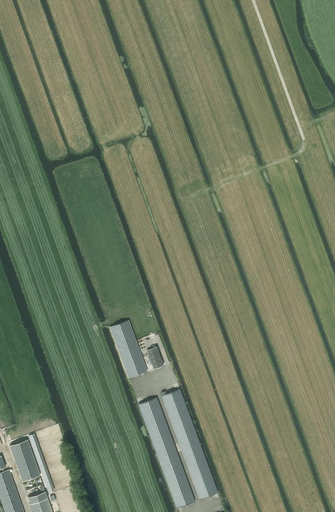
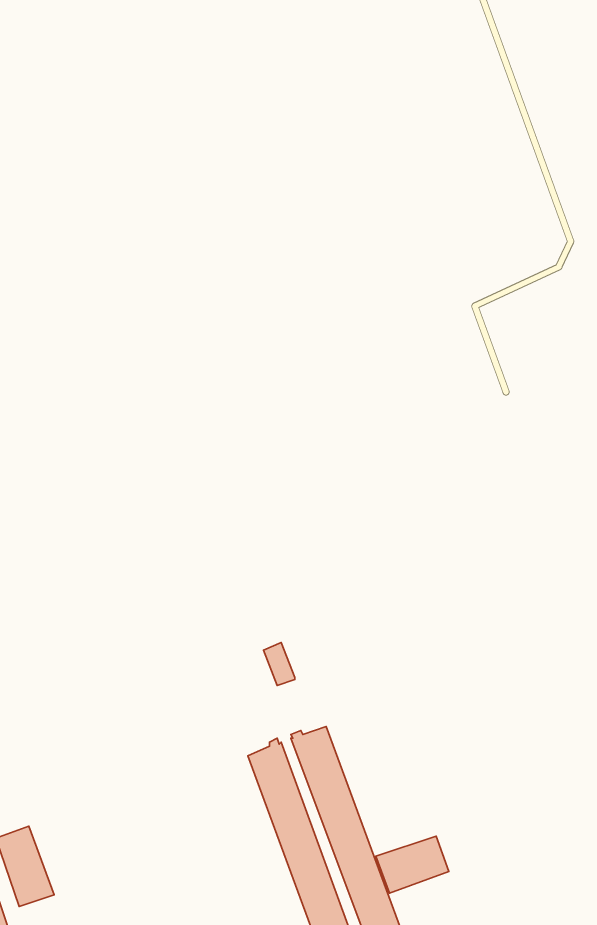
building: [110,320,147,377] -> none
building: none -> [376,836,449,893]

